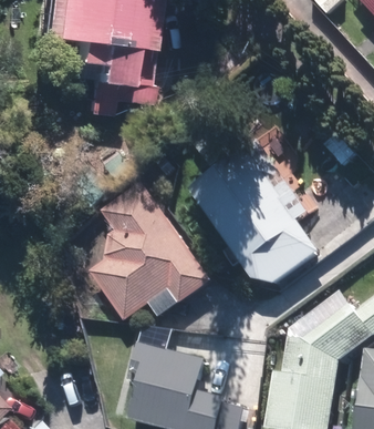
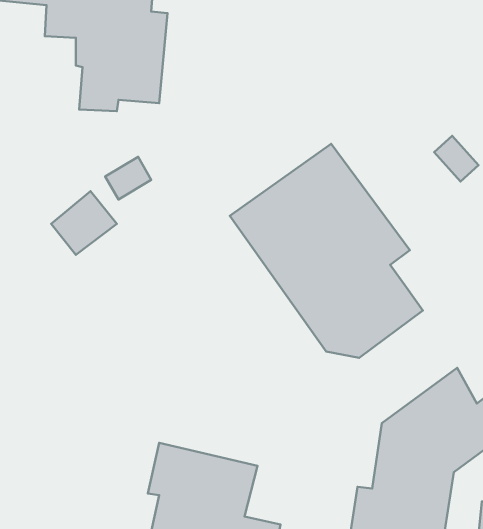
building: [91,180,212,318] -> none

